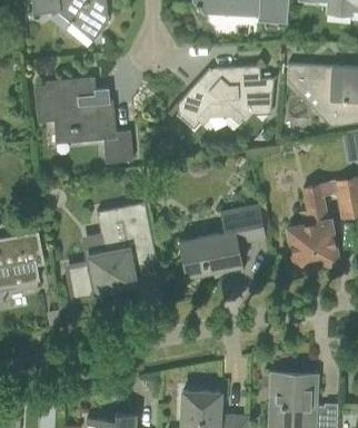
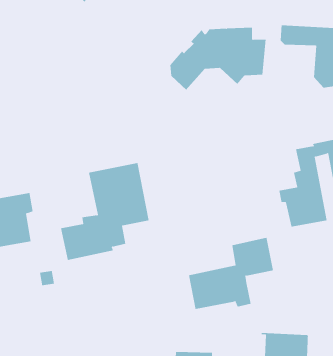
building: [34,78,132,163] -> none
building: [179,204,265,276] -> [188,237,274,309]

